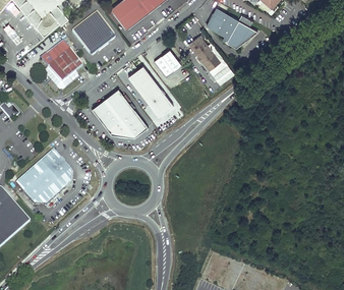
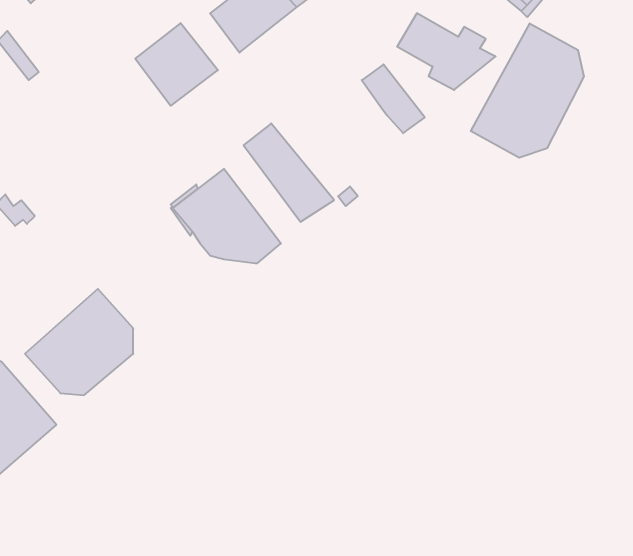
building: none -> [471,23,584,158]
building: [40,40,82,91] -> none
building: [154,49,182,77] -> none

